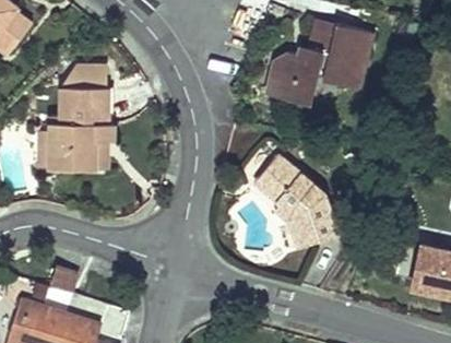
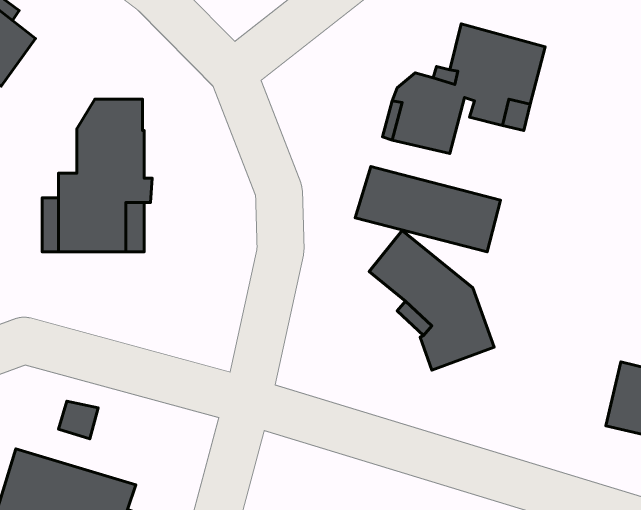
building: none -> [355,167,501,252]

